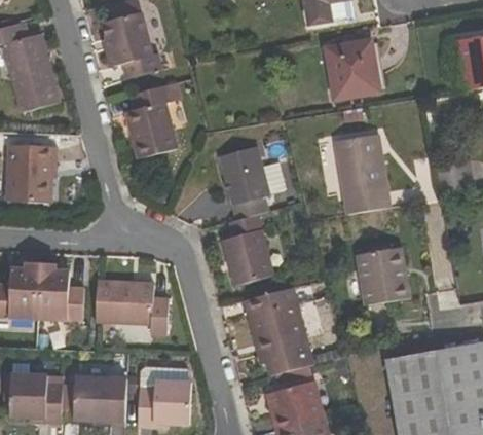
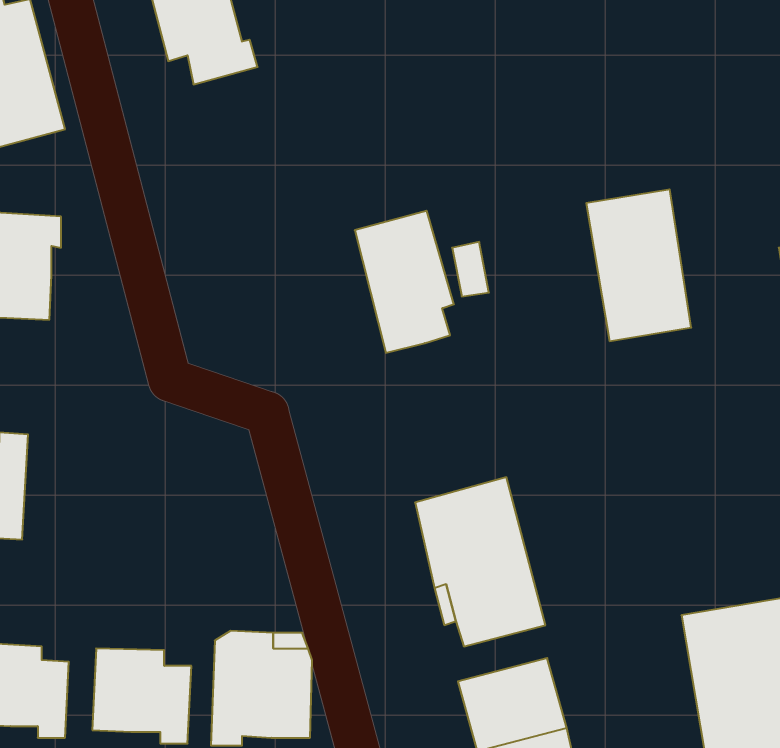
building: [325,39,381,100] -> none
building: [125,84,178,158] -> none
building: [216,215,267,293] -> none
building: [358,247,409,304] -> none
building: [37,263,84,321] -> none
building: [95,280,169,336] -> none

